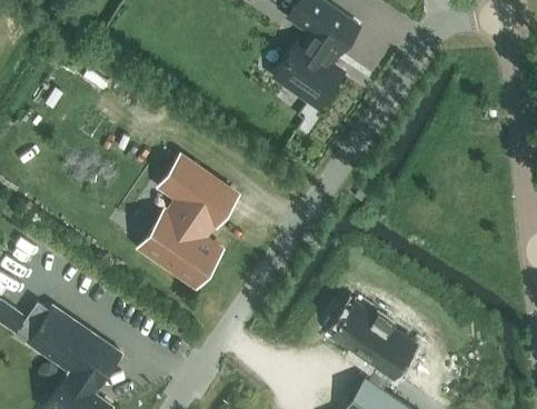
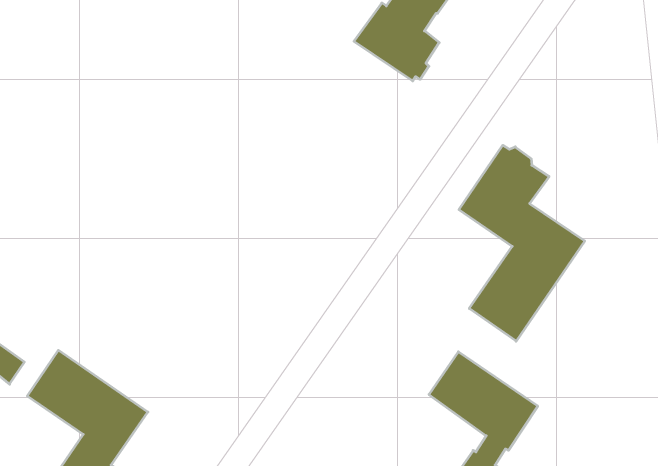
building: none -> [459,145,585,341]
building: [140,156,236,283] -> none

